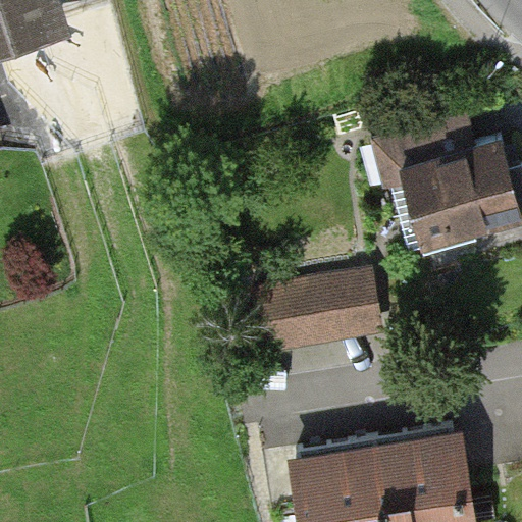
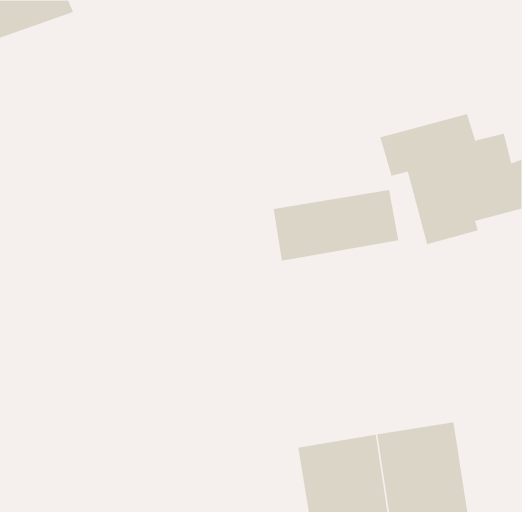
building: [255,278,380,350] -> [273,189,399,261]

